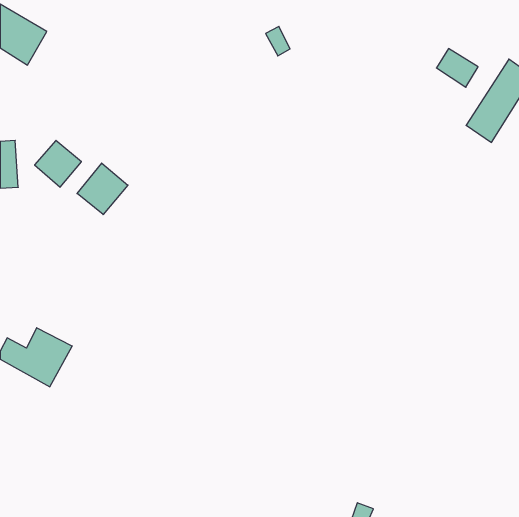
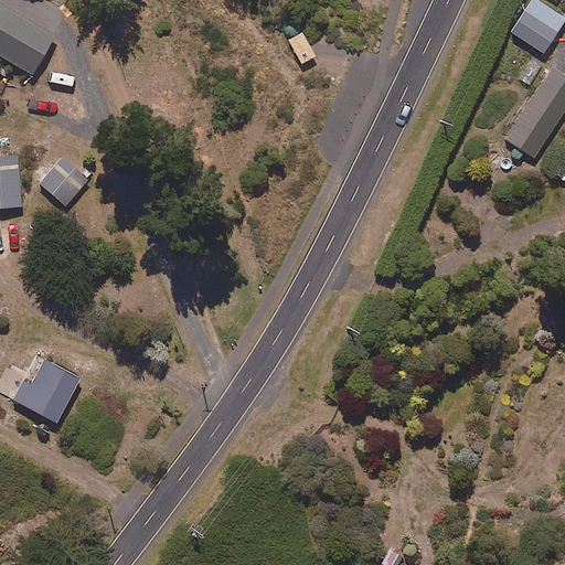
building: [436,49,478,87] -> [512,11,557,53]
building: [77,163,128,215] -> none

